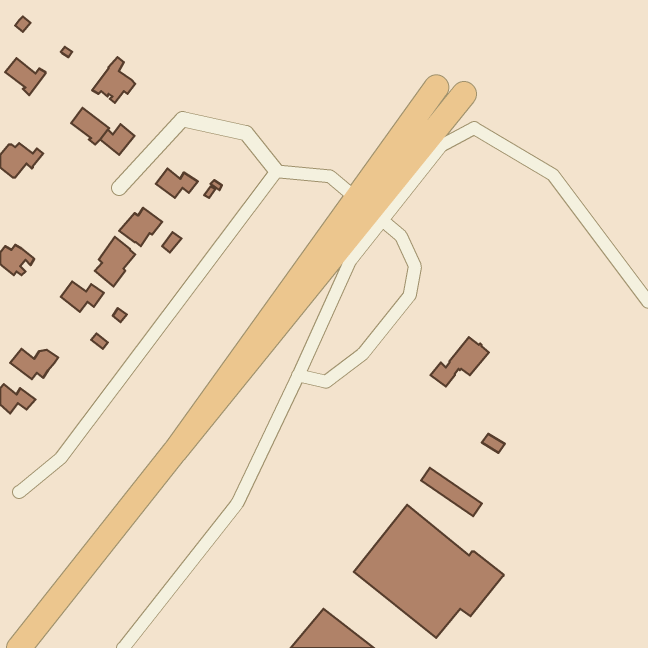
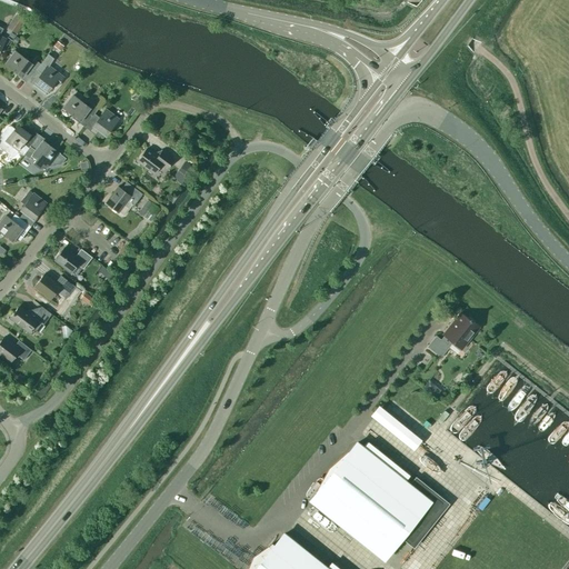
building: [92,57,135,103] -> [26,54,63,94]
building: none -> [23,134,64,169]
building: none -> [19,191,46,226]
building: [95,237,135,286] -> none
building: none -> [33,273,74,300]
building: [431,337,489,387] -> [427,313,478,357]

